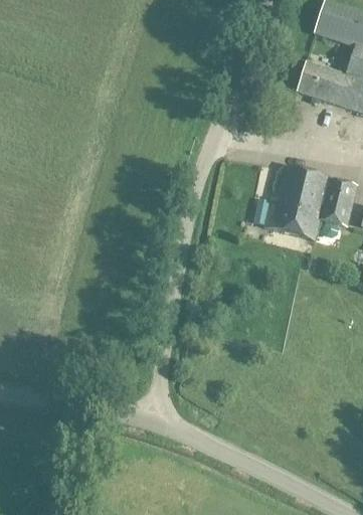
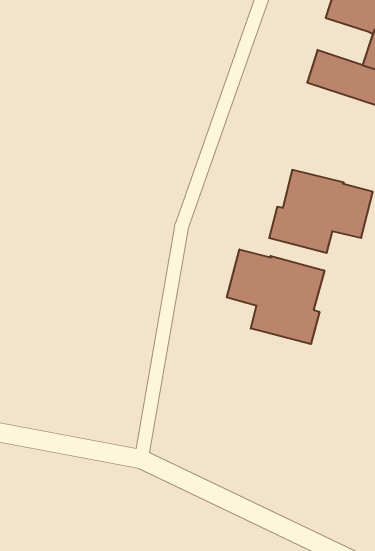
building: none -> [227,249,324,344]

